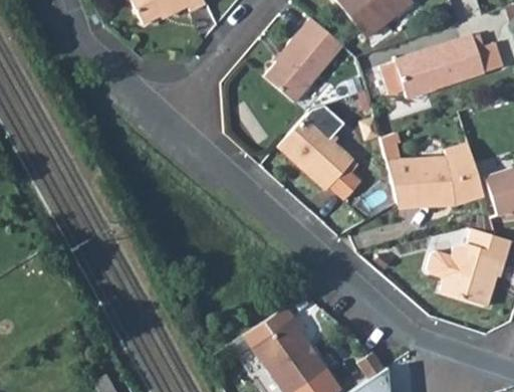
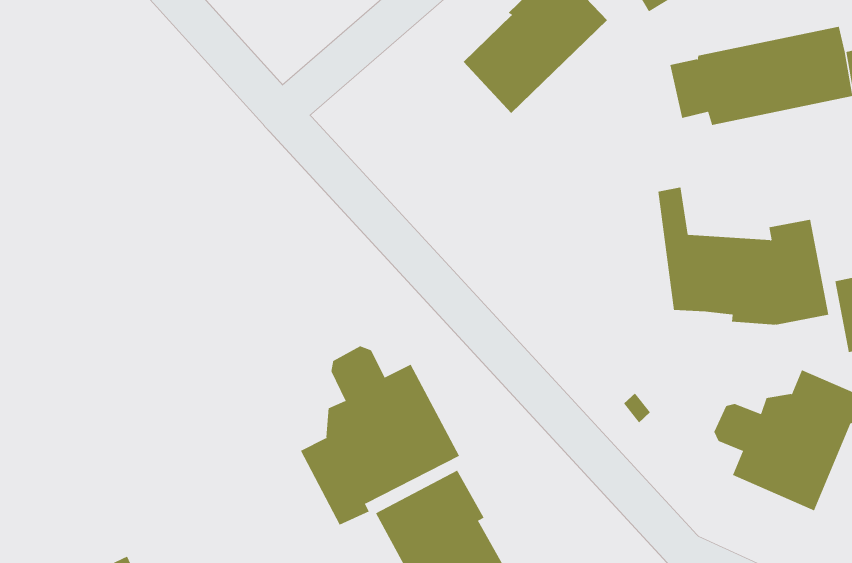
building: [278,112,362,199] -> none
building: none -> [300,345,460,526]

